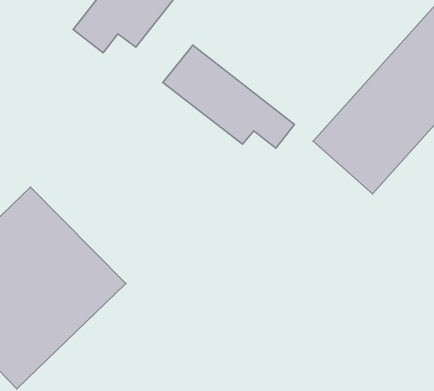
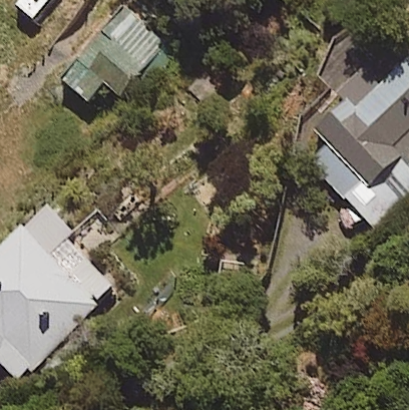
building: [163,45,295,148] -> none

